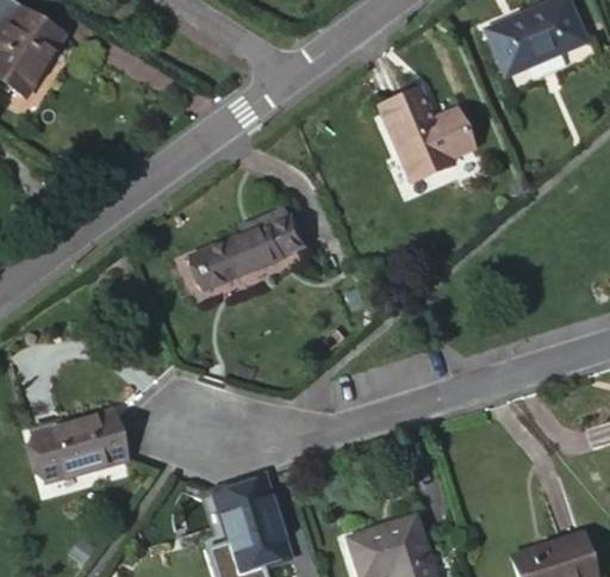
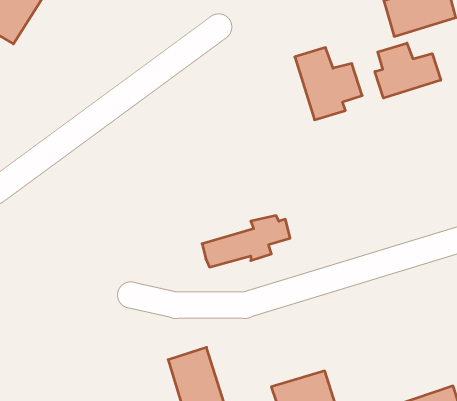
building: none -> [375,43,441,98]
building: [195,228,307,293] -> [202,216,290,267]
building: [30,405,124,477] -> none

